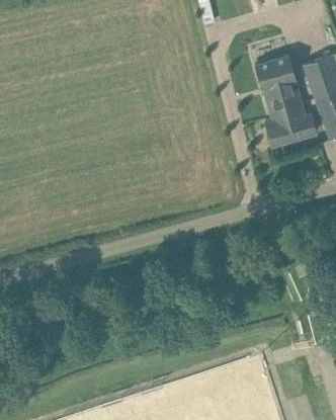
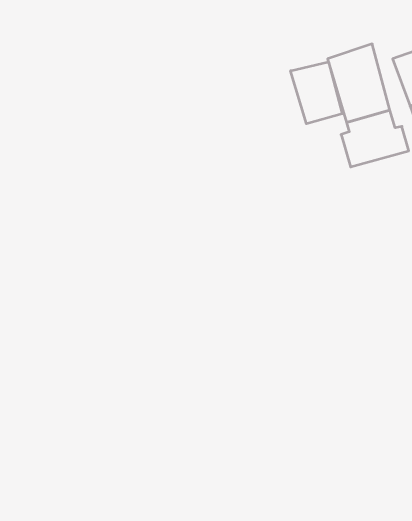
building: none -> [291,62,342,124]

